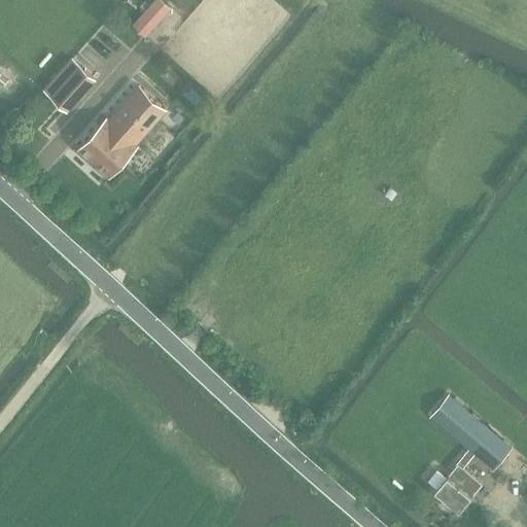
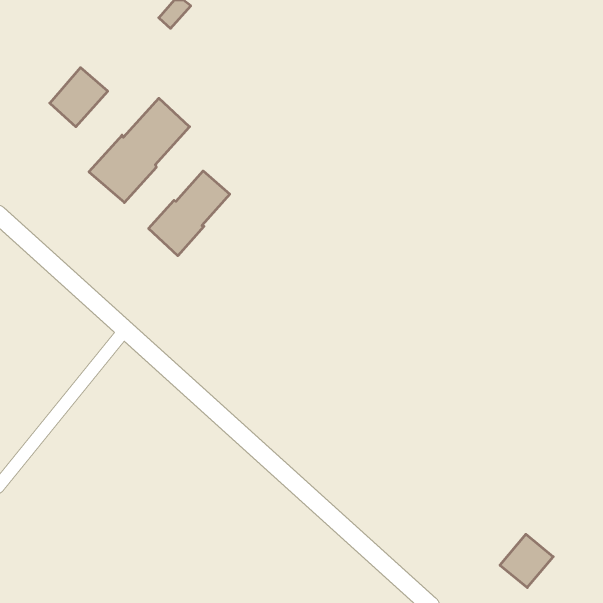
building: none -> [149,171,230,256]
building: [430,395,514,471] -> none

